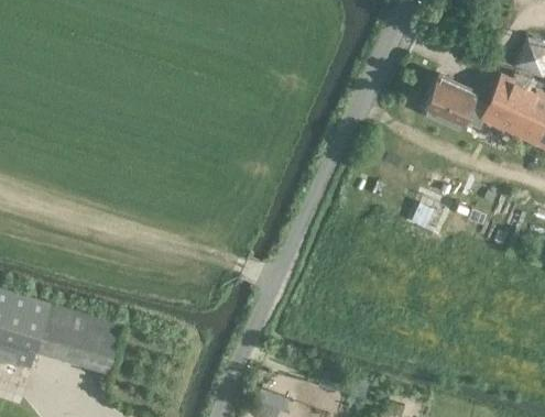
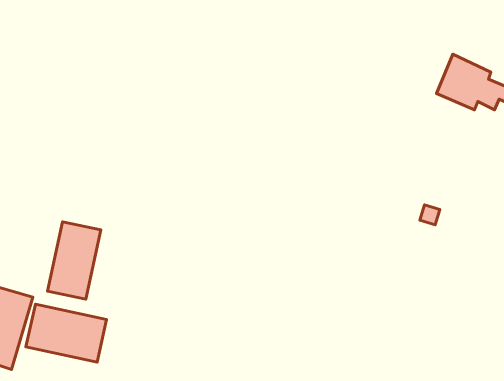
building: none -> [47,222,101,299]

